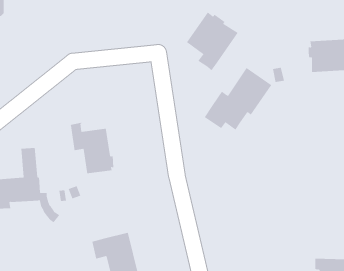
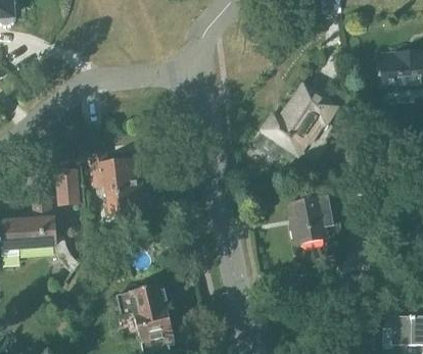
building: [186,11,238,71] -> none
building: none -> [55,168,78,203]
building: none -> [288,195,332,244]

